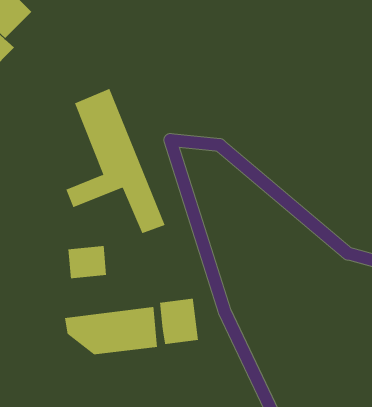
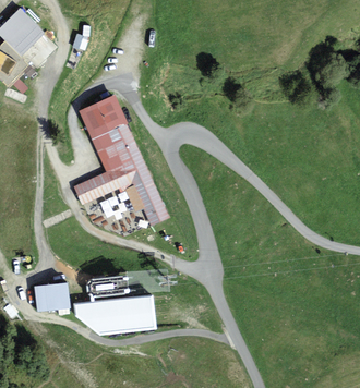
building: [68,245,107,279] -> [35,280,70,310]
building: [160,298,199,345] -> none

